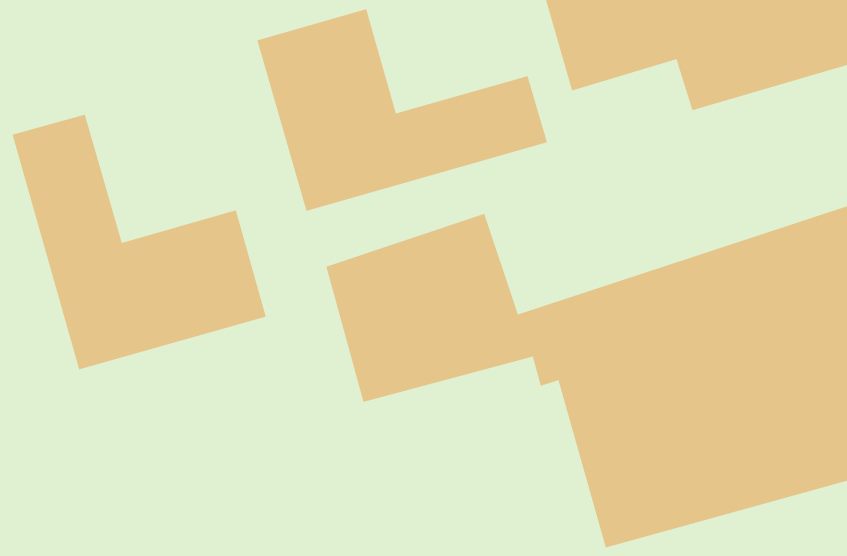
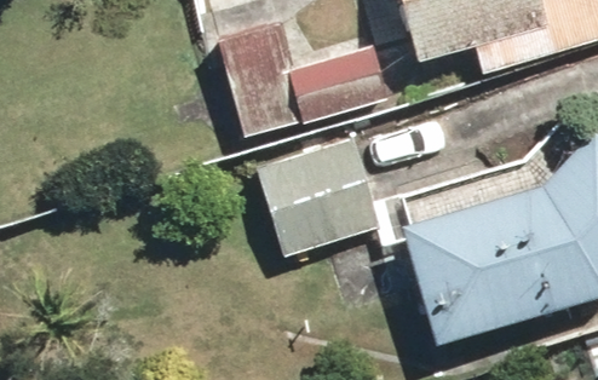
building: [12,114,267,370] -> none

